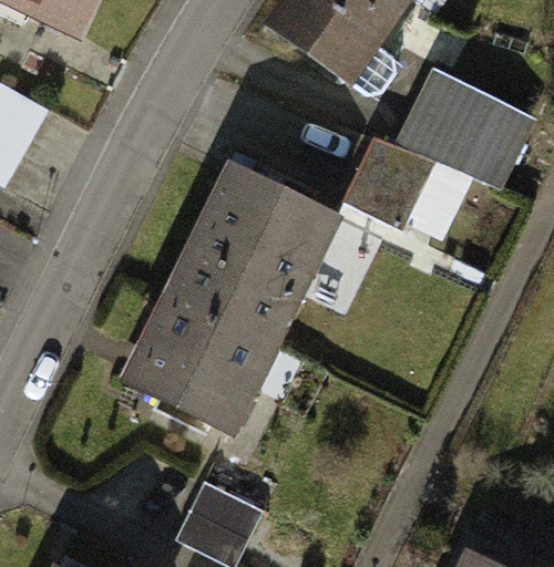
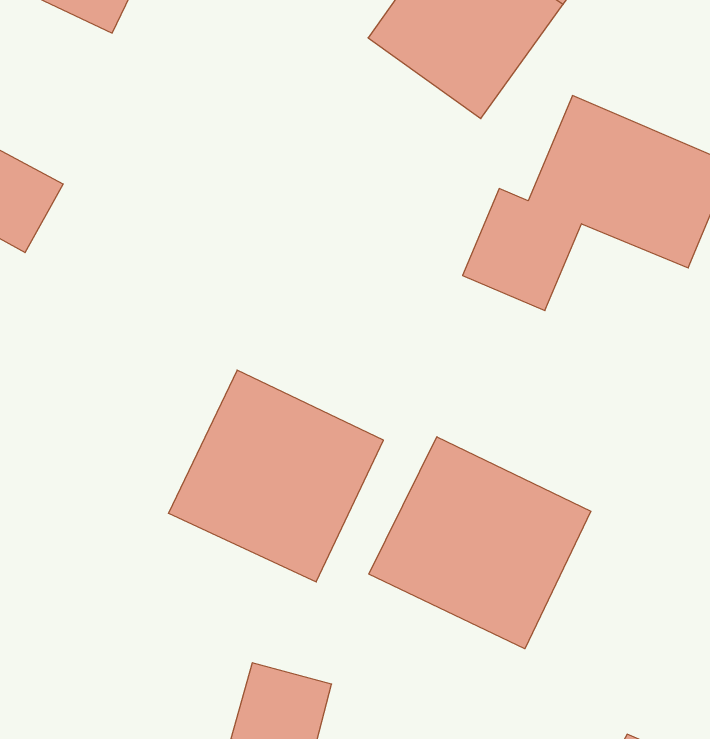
building: [179,168,335,322] -> none
building: none -> [369,437,591,649]

